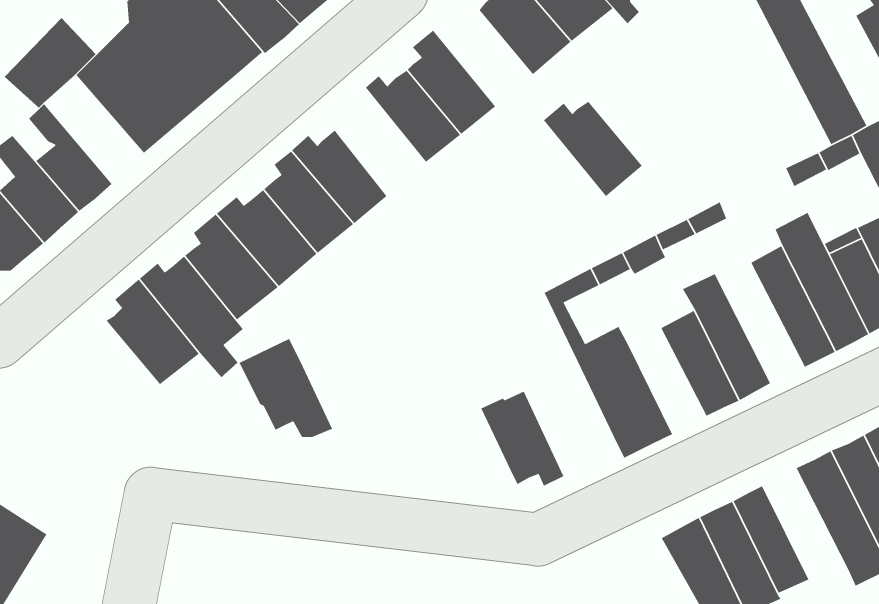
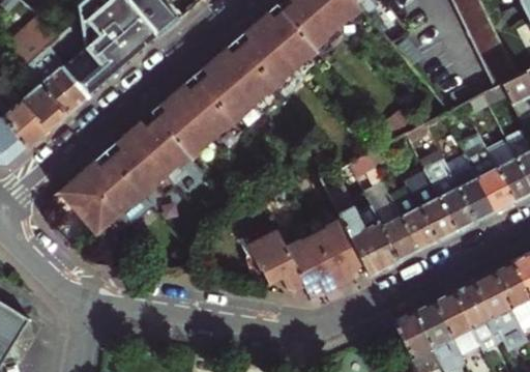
building: none -> [28,49,88,113]
building: none -> [200,56,254,120]
building: [543,101,643,197] -> [258,10,317,67]
building: none -> [422,151,477,231]
building: none -> [374,199,419,261]
building: [239,338,333,438] -> [247,229,303,288]
building: none -> [312,218,364,286]
building: none -> [452,281,503,352]

